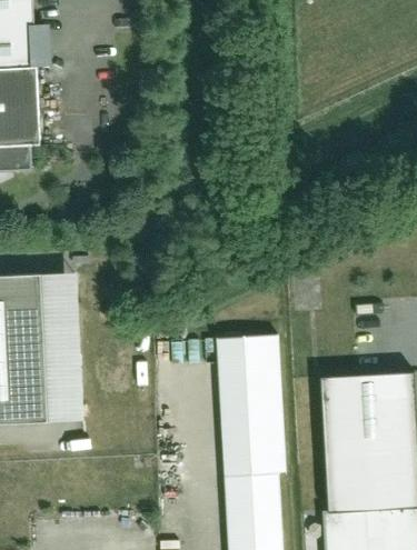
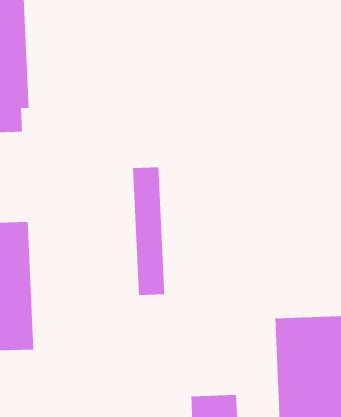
building: [42,272,80,420] -> [132,167,165,295]
building: [218,334,287,474] -> none

